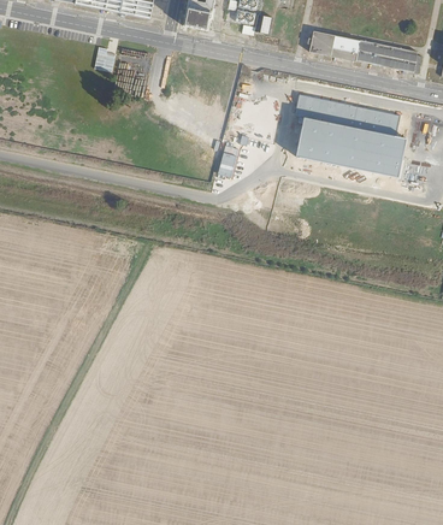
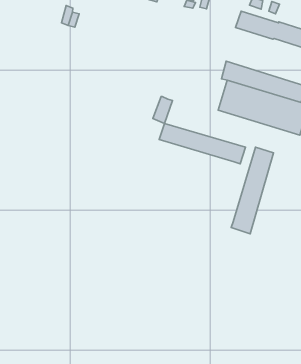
building: none -> [159,124,246,164]
building: none -> [231,147,273,234]

